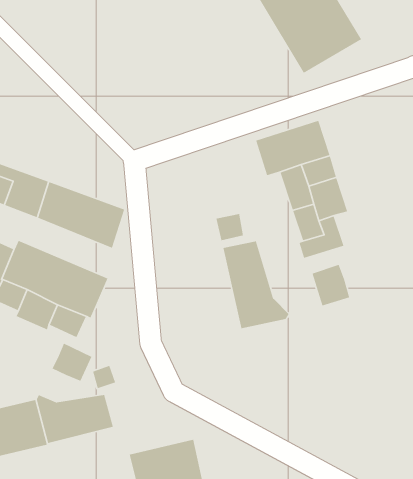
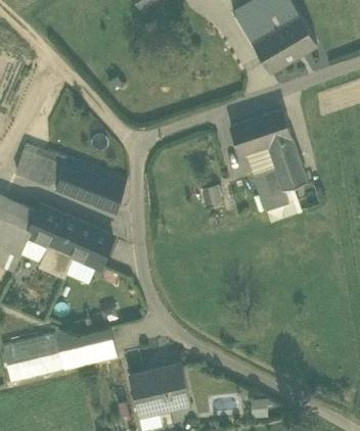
building: [223,241,289,329] -> none
building: [312,264,350,306] -> none
building: [52,342,93,382] -> none

